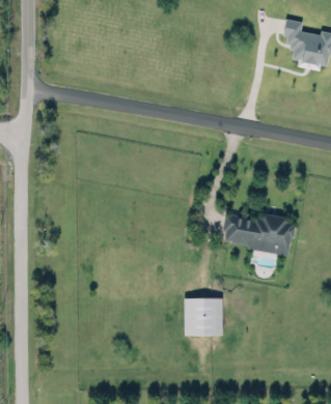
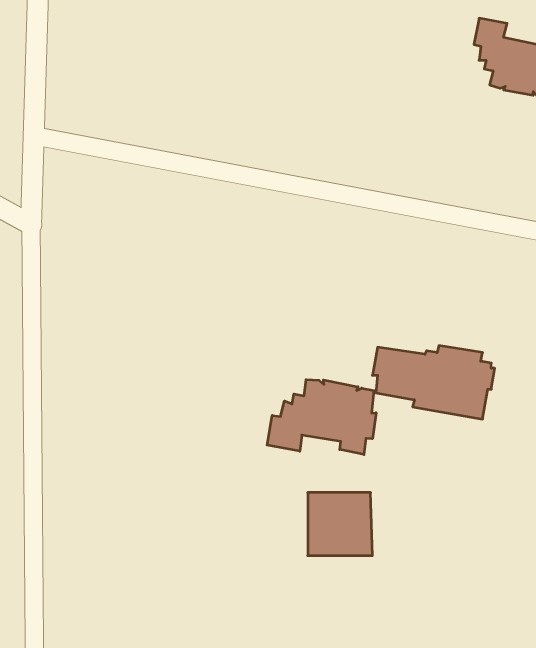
building: none -> [267,380,376,455]

